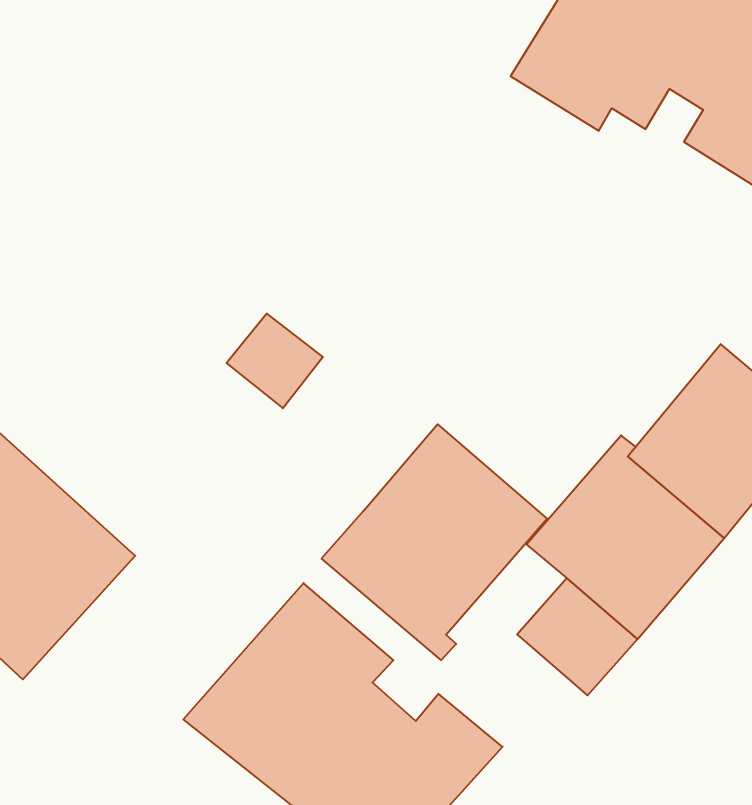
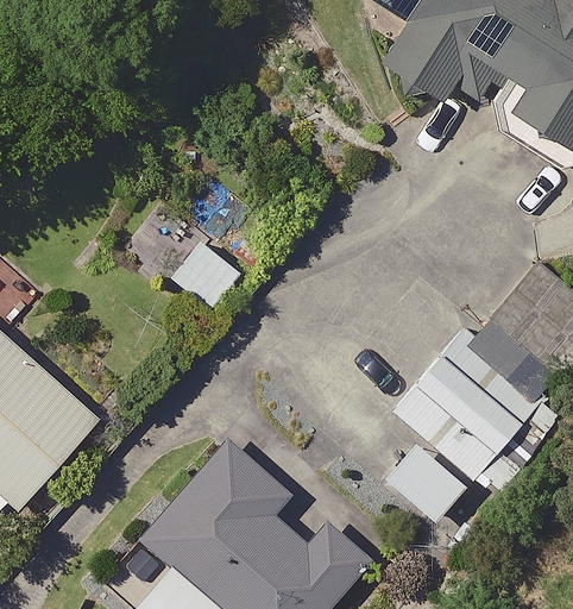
building: [322,424,547,660] -> none

